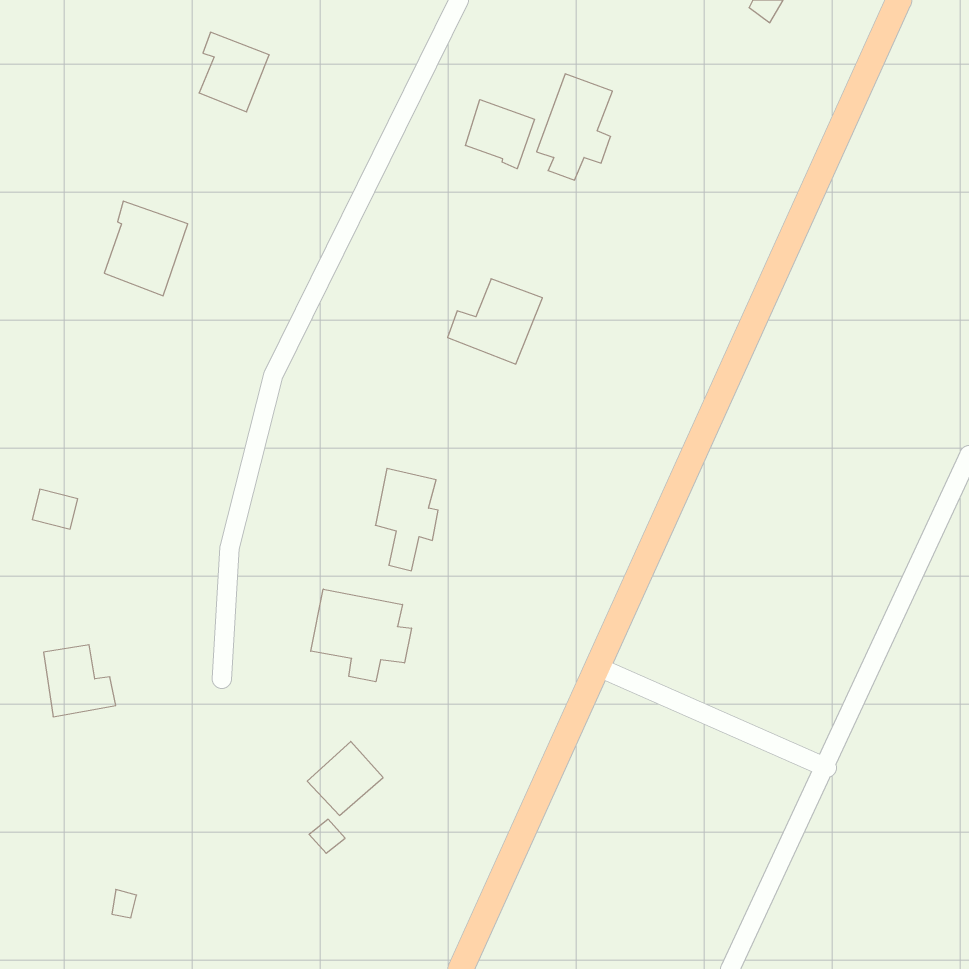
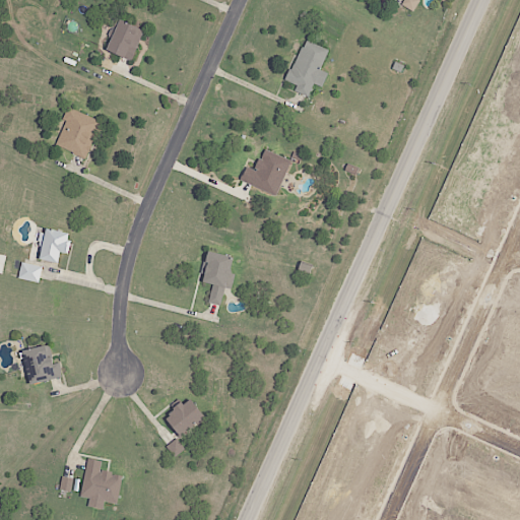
building: [465,100,534,169] -> none
building: none -> [38,229,70,263]
building: [311,589,411,682] -> none
building: none -> [80,458,122,509]

